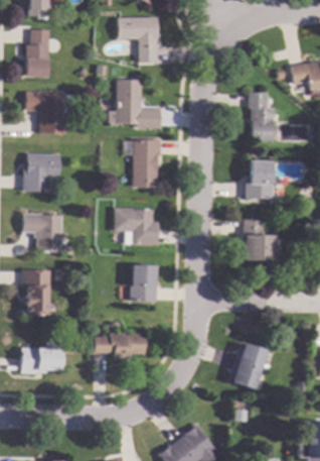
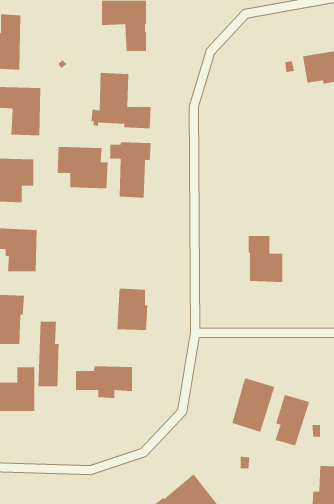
building: [248,93,273,140] -> none
building: [245,160,272,198] -> none
building: [115,208,159,244] -> [57,147,108,189]
building: none -> [38,321,59,387]
building: none -> [275,394,310,446]

